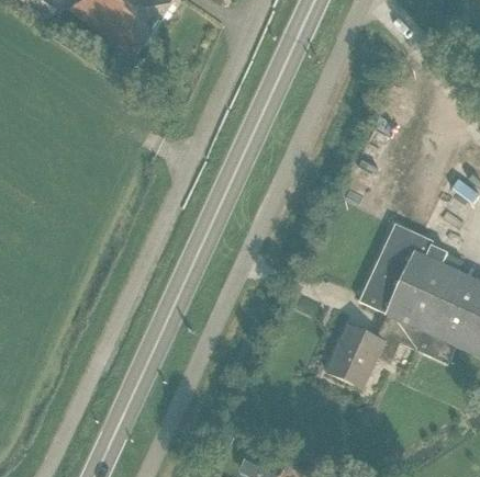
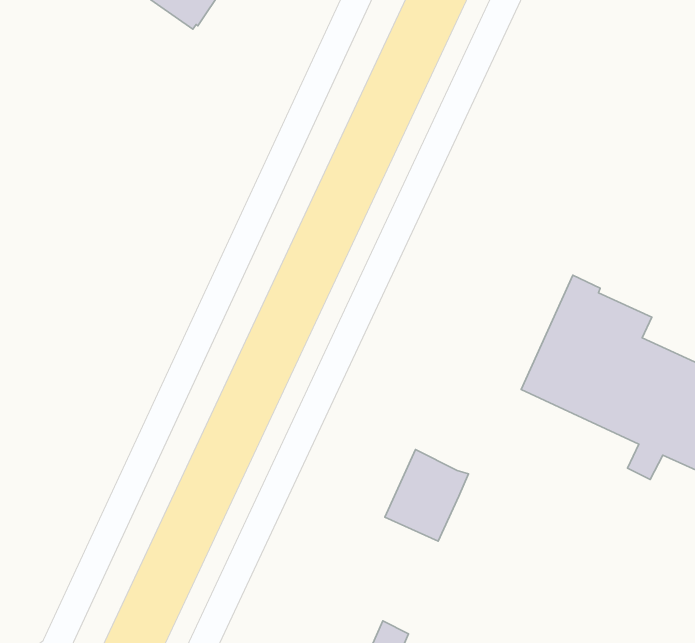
building: [327,325,384,387] -> [385,450,469,541]

